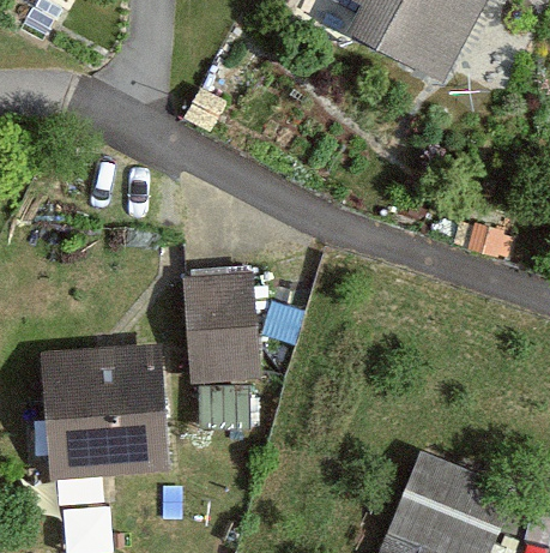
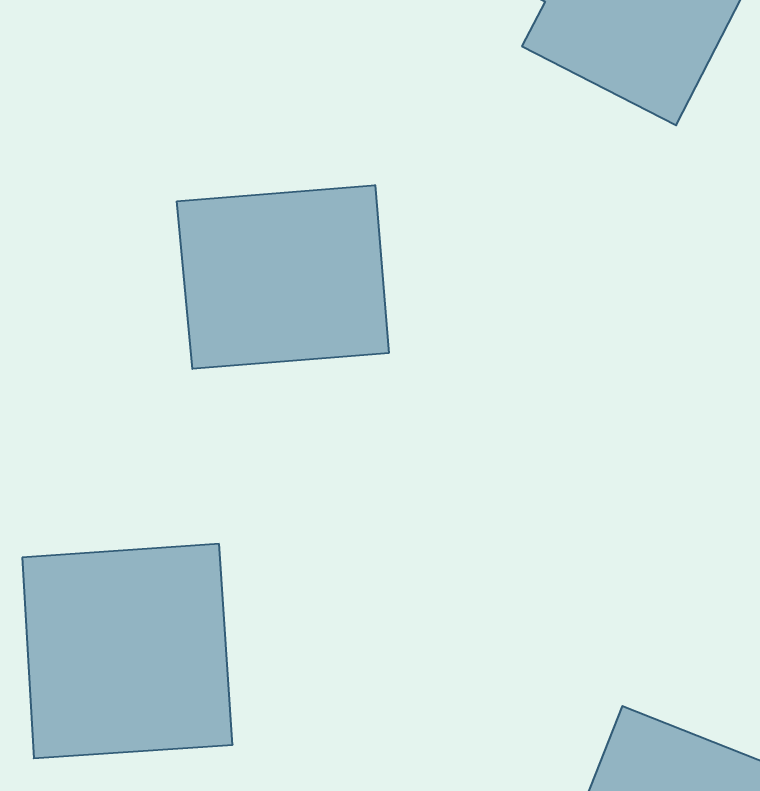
building: none -> [177,185,389,369]
building: [179,275,258,384] -> none

